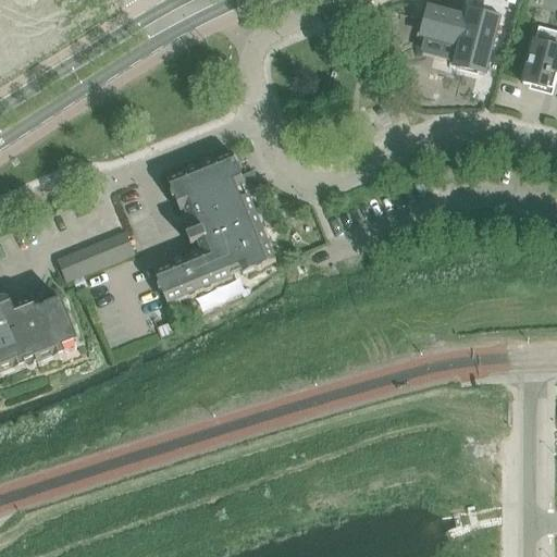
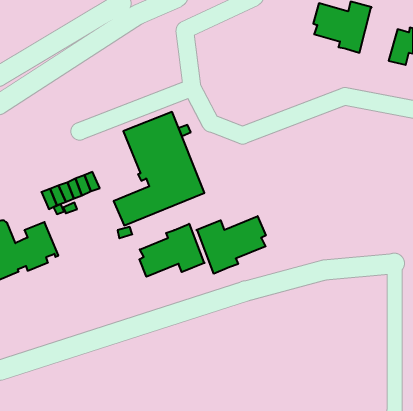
building: none -> [196,216,266,274]
building: none -> [139,224,205,277]

